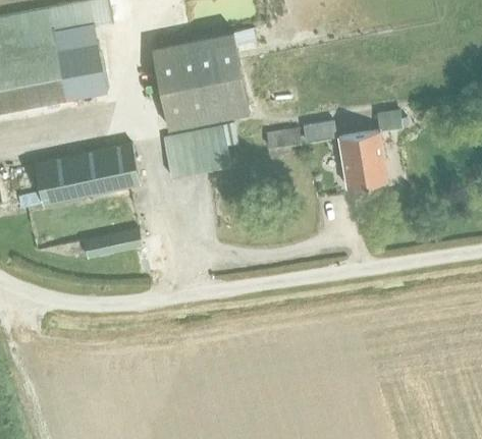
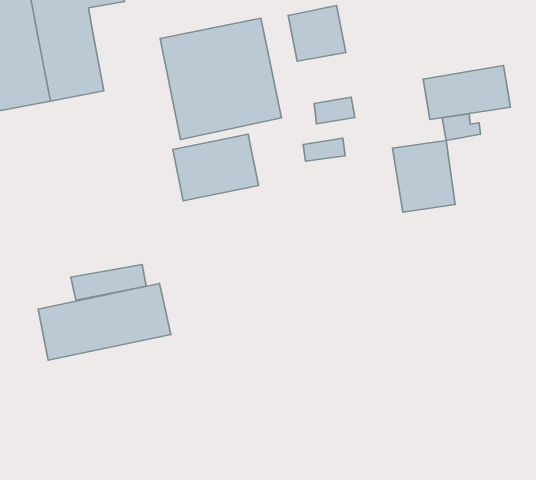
building: none -> [288,5,346,61]
building: none -> [423,66,510,120]
building: [304,119,336,141] -> [314,97,355,124]
building: [32,143,138,204] -> [38,284,171,360]

